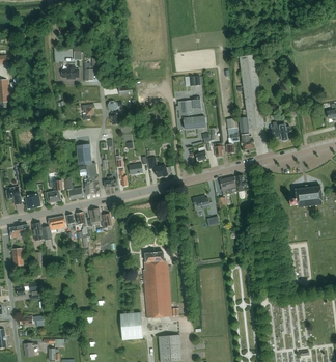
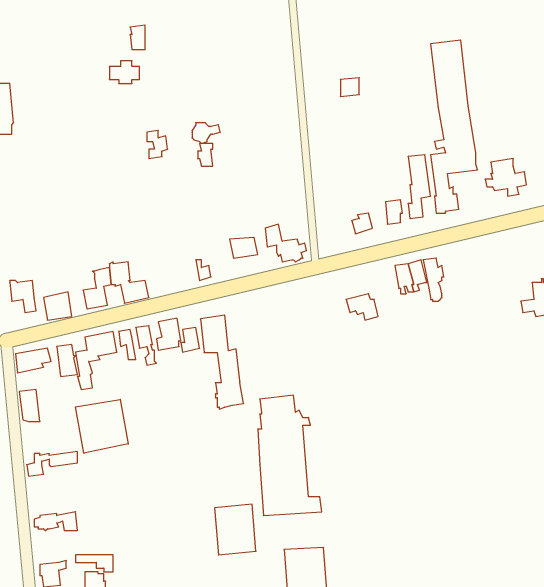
building: [174,96,205,129] -> none
building: [76,143,100,195] -> [200,315,244,409]
building: none -> [75,399,128,453]

